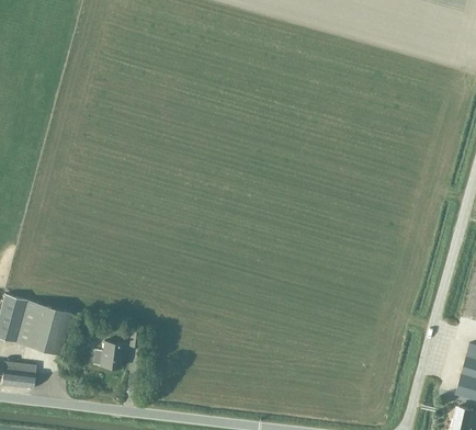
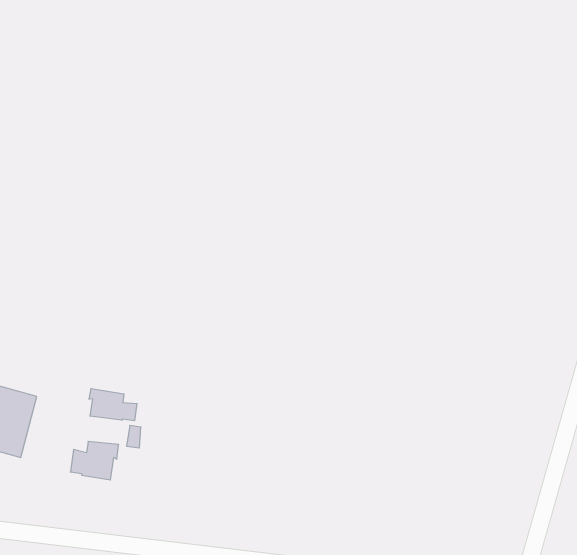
building: none -> [89,388,137,421]

